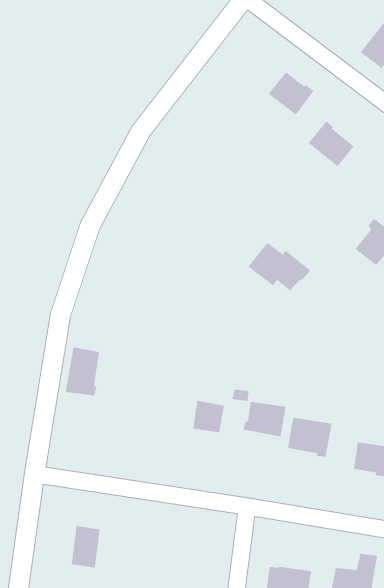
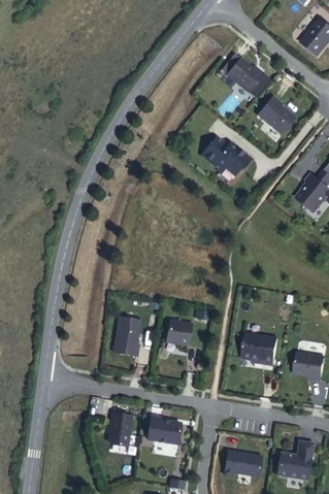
building: [248,242,311,291] -> [201,136,252,175]
building: [65,347,100,396] -> [113,318,141,357]
building: [243,401,286,437] -> none
building: none -> [144,416,178,443]
building: [71,526,101,568] -> [108,413,132,447]

